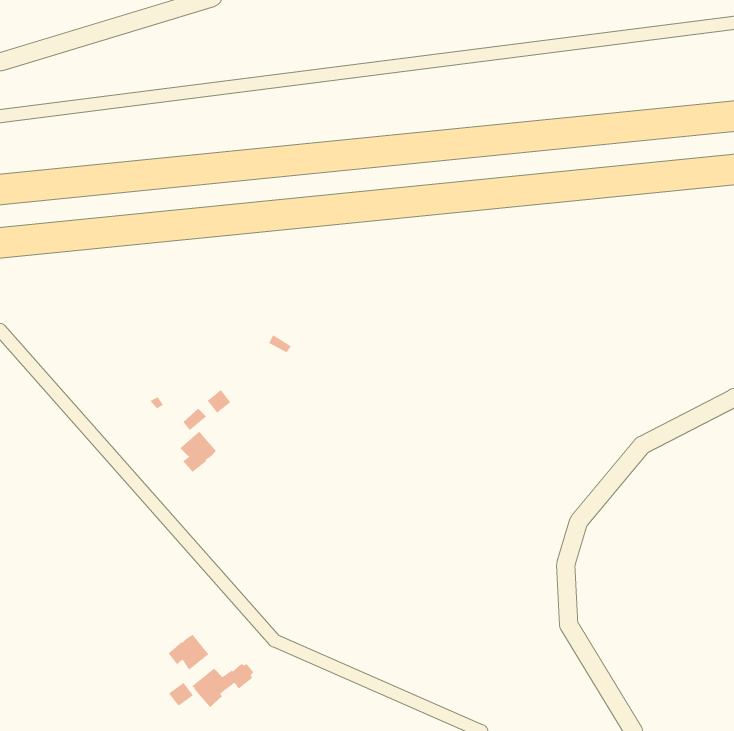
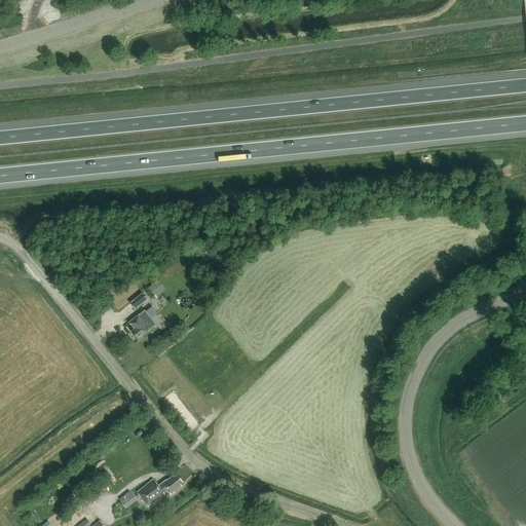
building: [168,634,209,670] -> none

